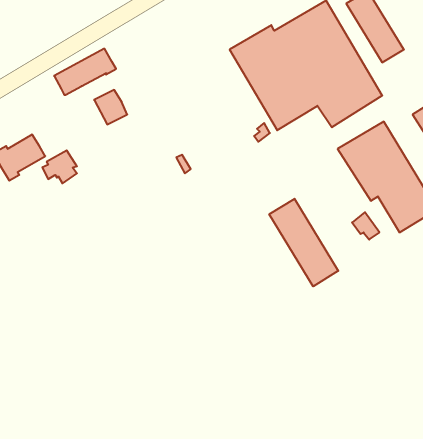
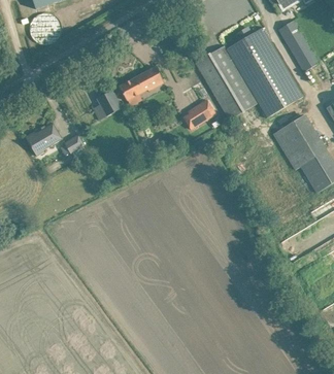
building: [54,49,116,95] -> [120,67,164,100]
building: none -> [182,99,218,130]
building: [269,199,338,286] -> none

